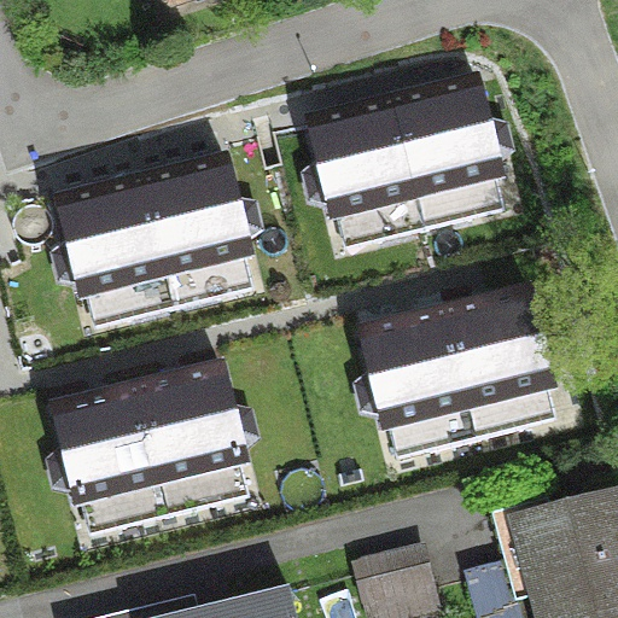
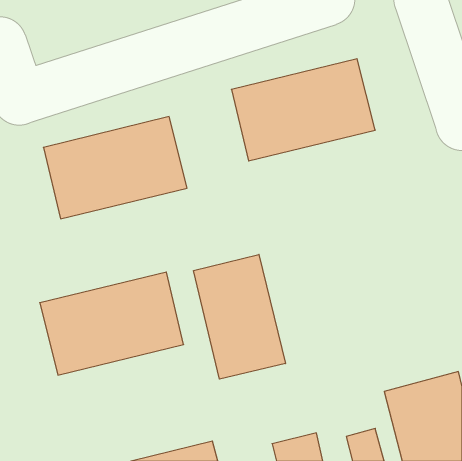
building: [361,287,553,425] -> none
building: none -> [194,254,285,379]

